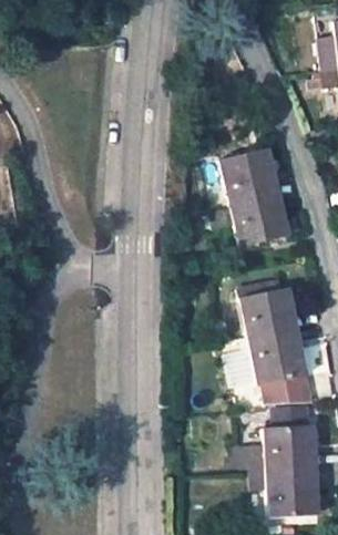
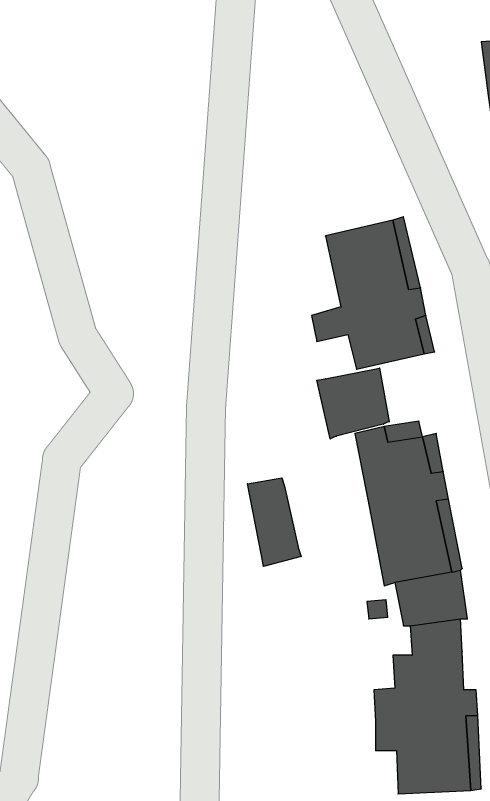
building: none -> [317,368,389,439]
building: none -> [248,478,301,566]

